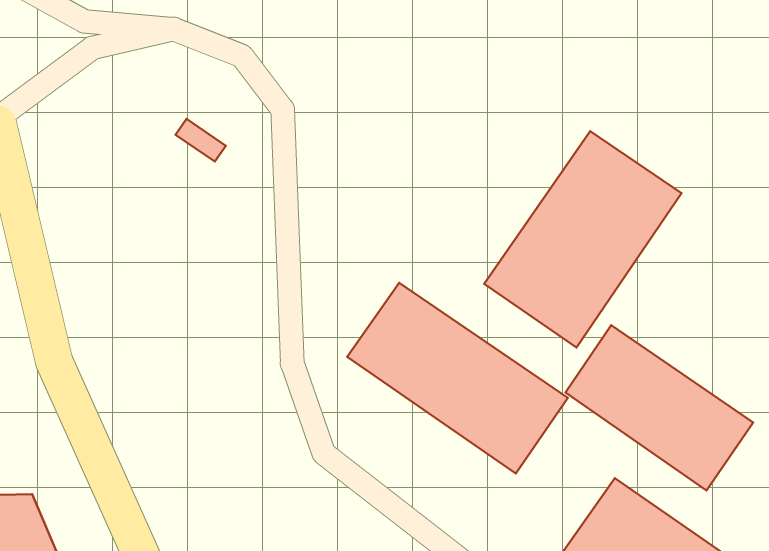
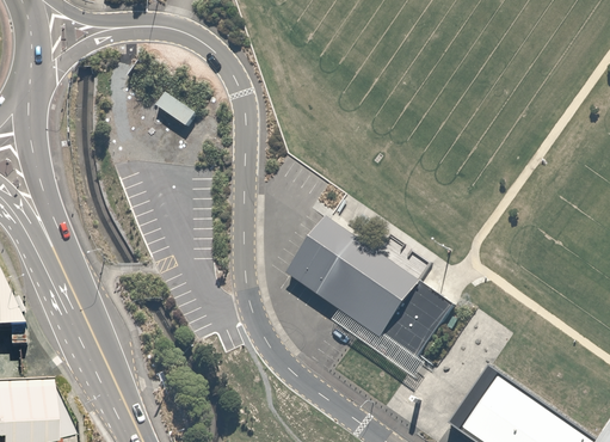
building: [484,131,682,348] -> none
building: [566,325,753,490] -> none

